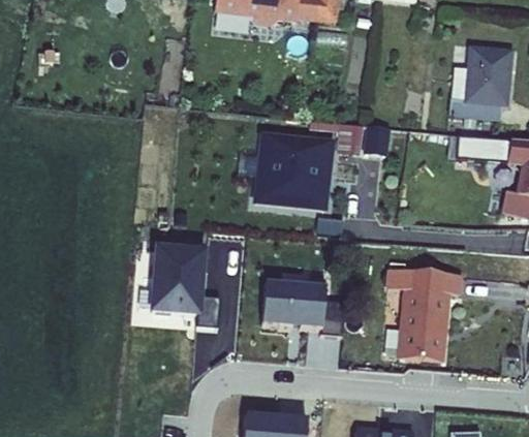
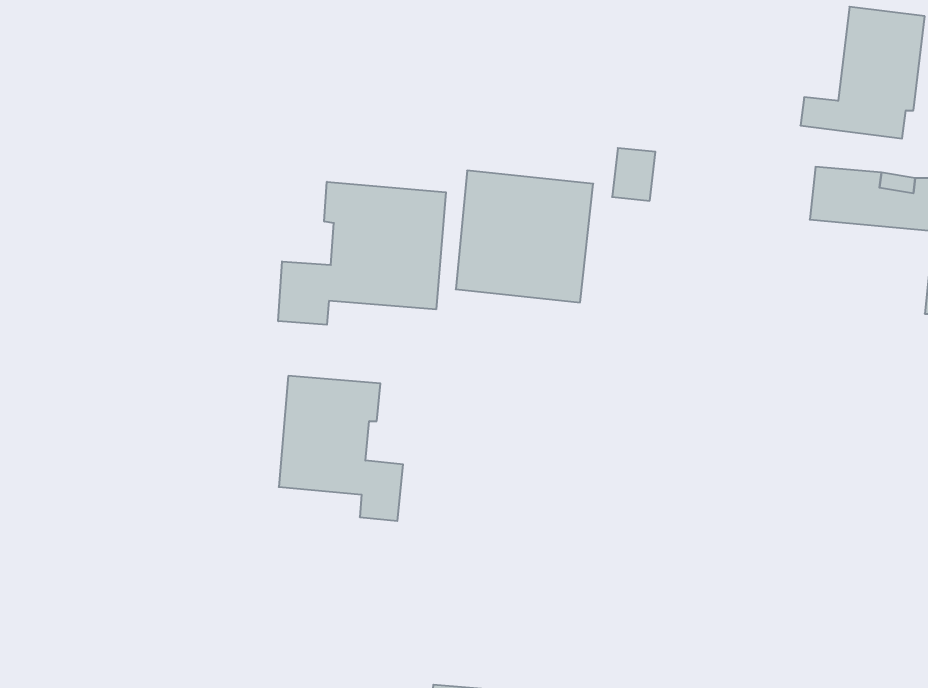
building: none -> [278,182,446,325]
building: [387,264,468,361] -> none
building: [270,273,352,330] -> none

